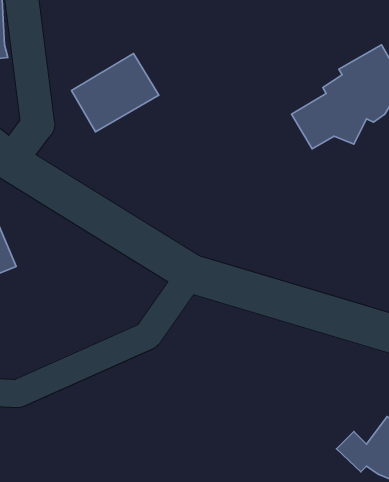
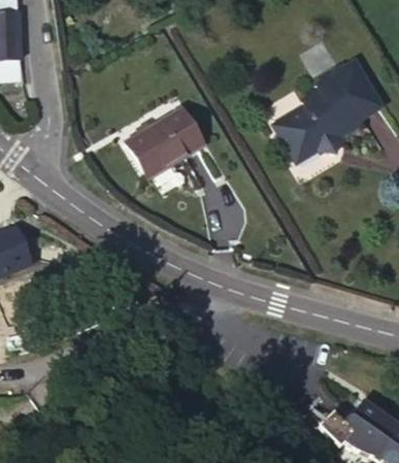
building: [71,53,159,132] -> [125,107,203,177]

